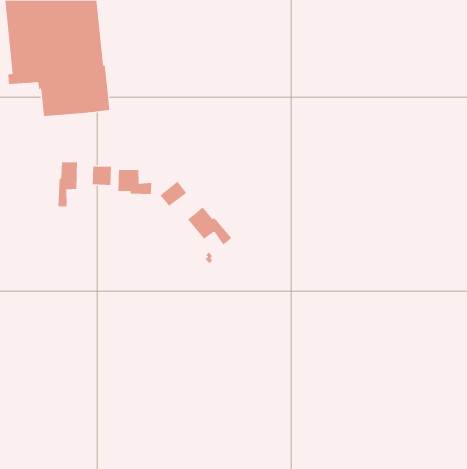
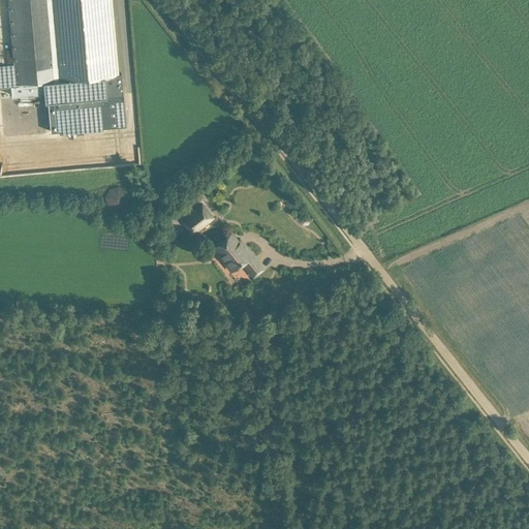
building: [58,161,78,207] -> none
building: [118,169,152,195] -> none

